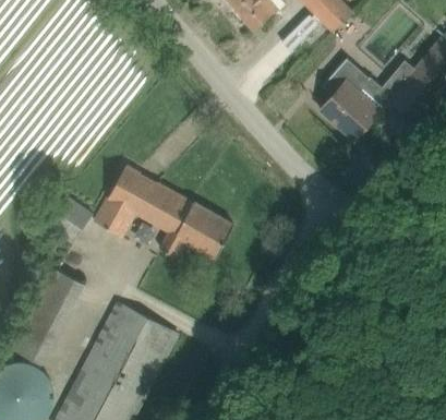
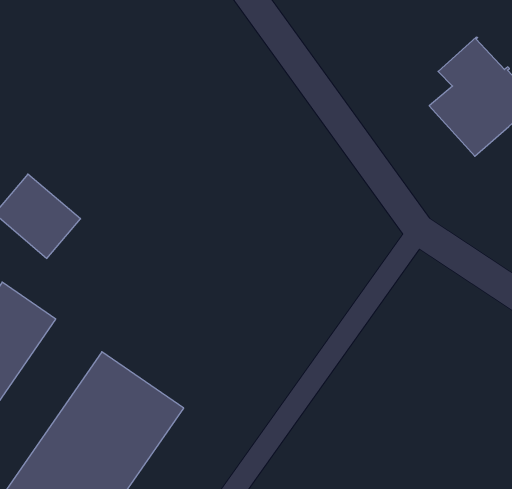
building: [94,164,232,257] -> none

